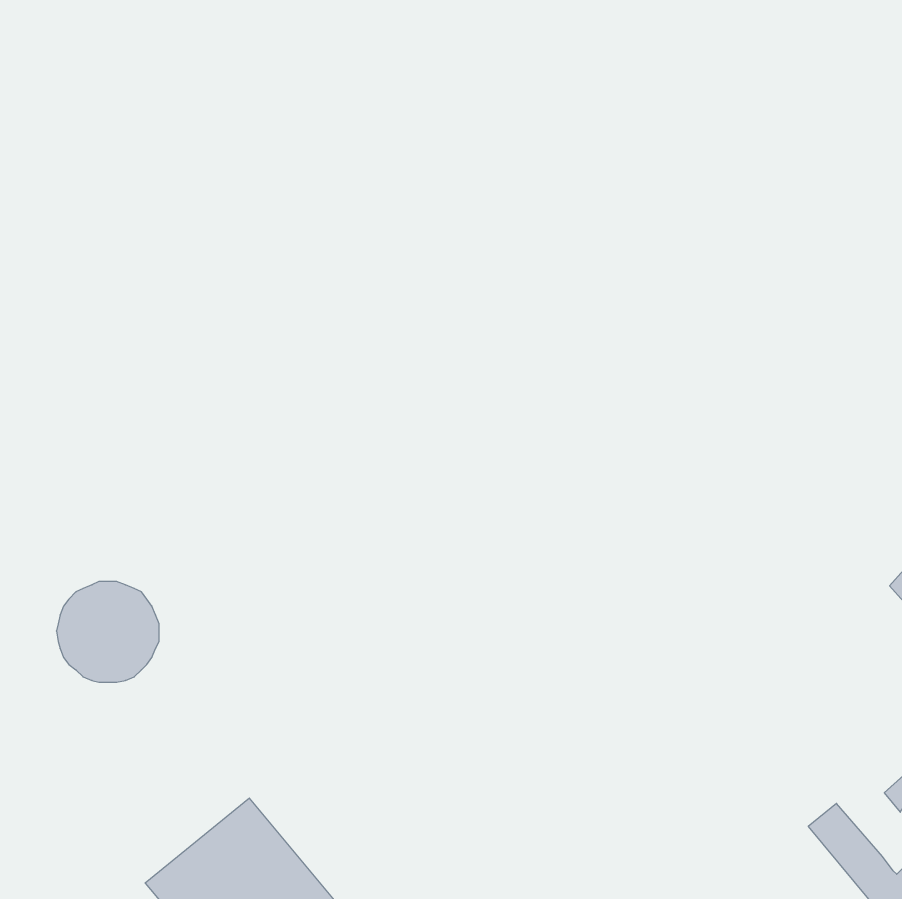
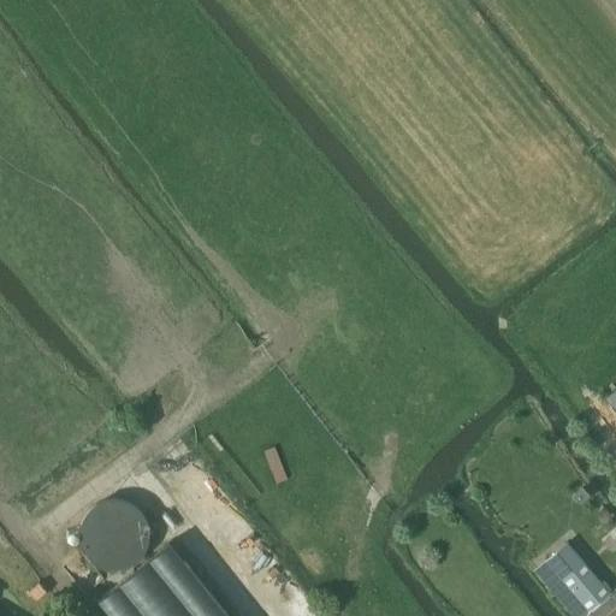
building: [56,581,159,682] -> [81,503,150,571]

